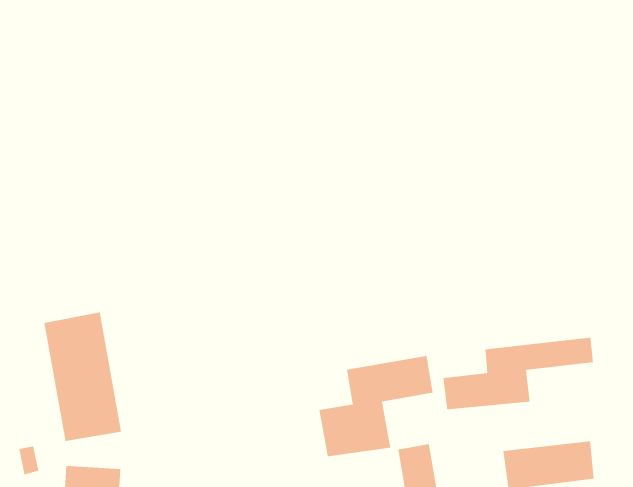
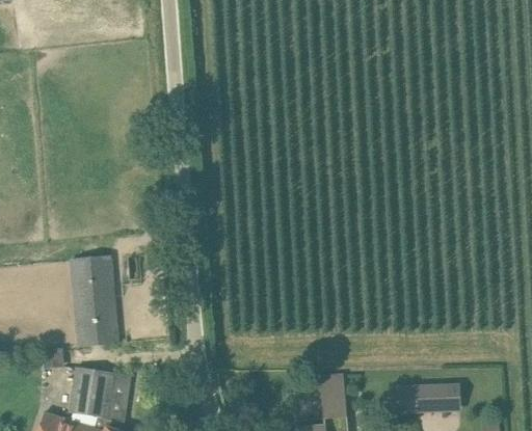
building: [443,337,593,410] -> none
building: [319,355,433,457] -> none

